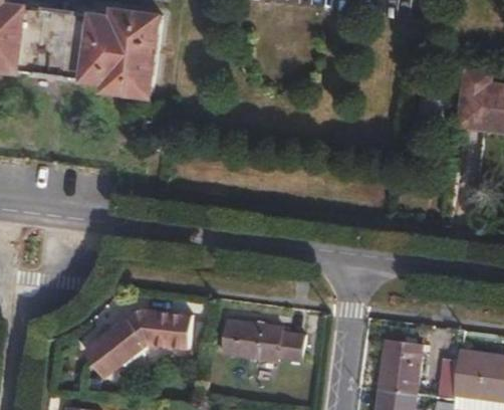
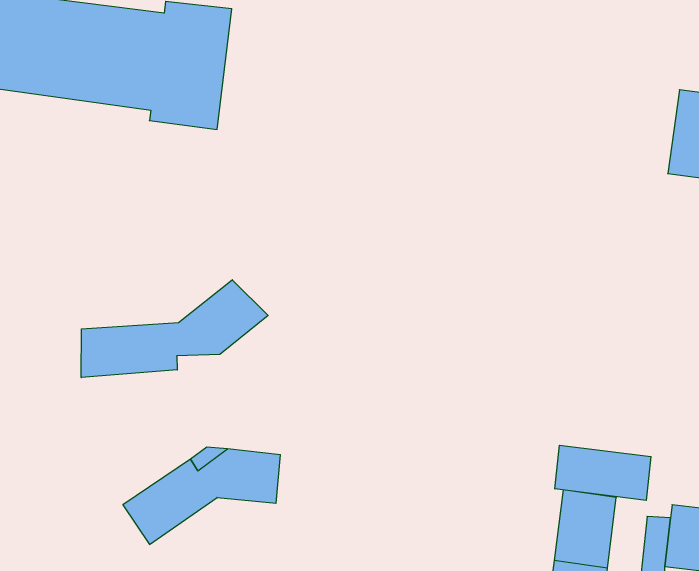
building: none -> [81,280,268,378]
building: none -> [555,445,651,500]
building: [223,320,303,361] -> none

